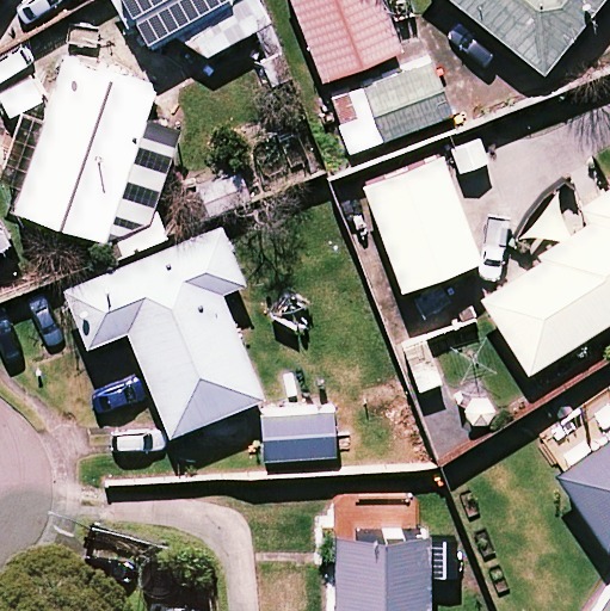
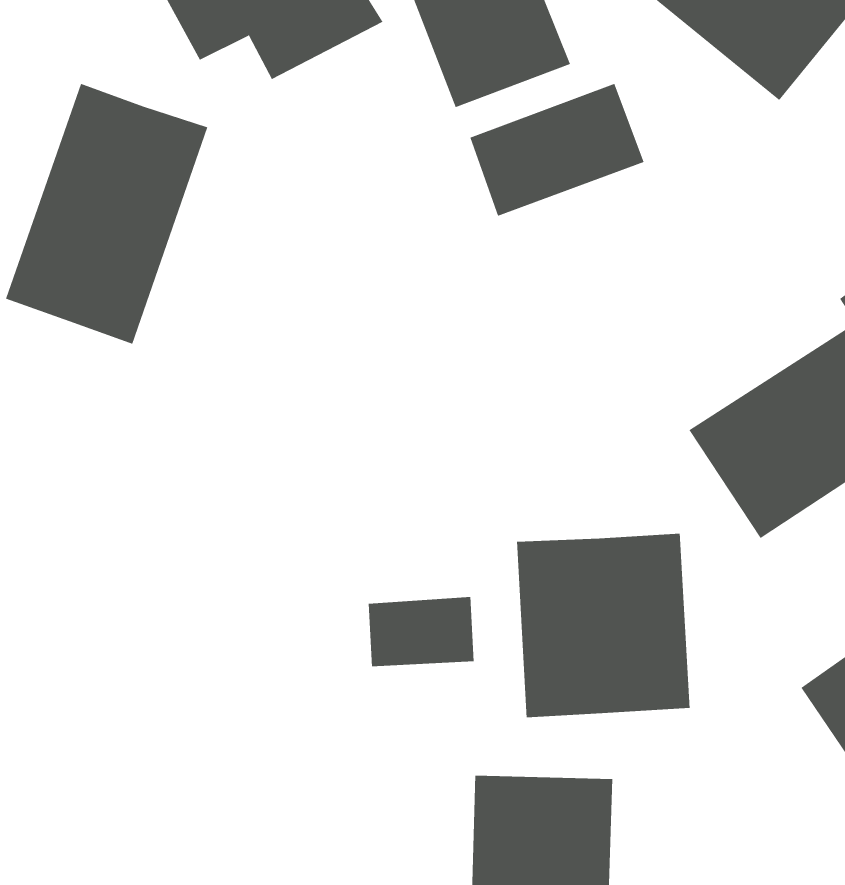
building: [350,156,480,295] -> none
building: [66,227,265,434] -> none
building: none -> [517,533,690,718]

